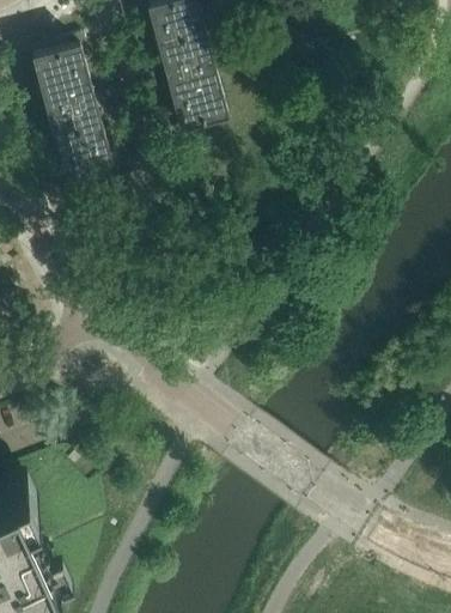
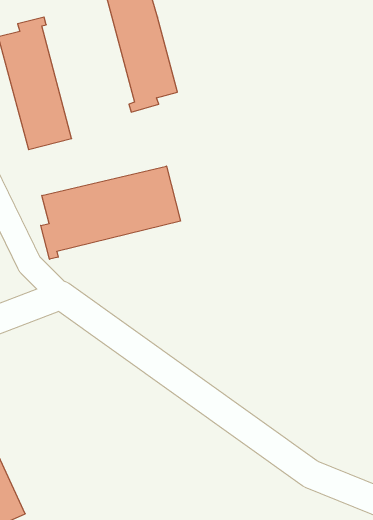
building: none -> [41,166,180,259]

